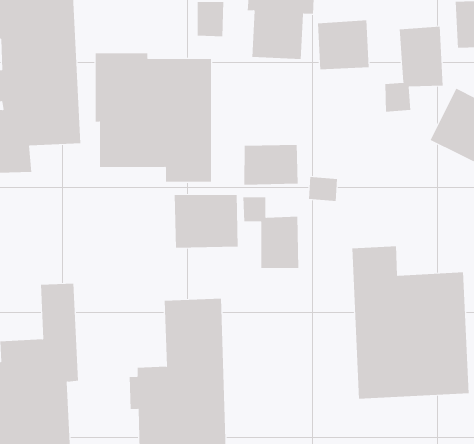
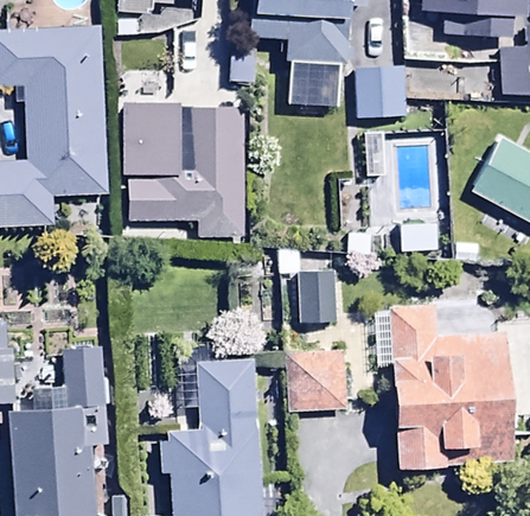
building: [385,26,443,112] -> none
building: [244,144,298,185] -> none
building: [174,194,238,249] -> none
building: none -> [286,350,346,408]

